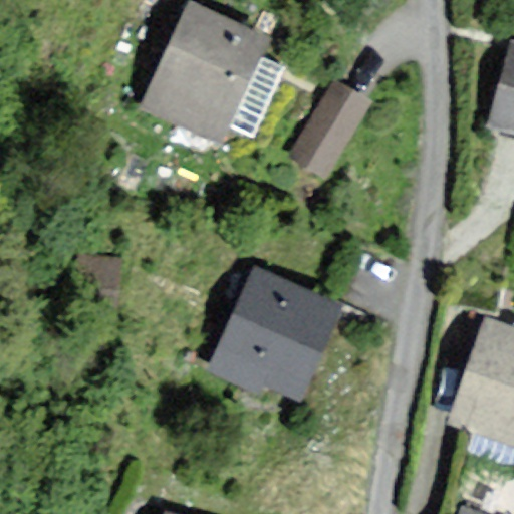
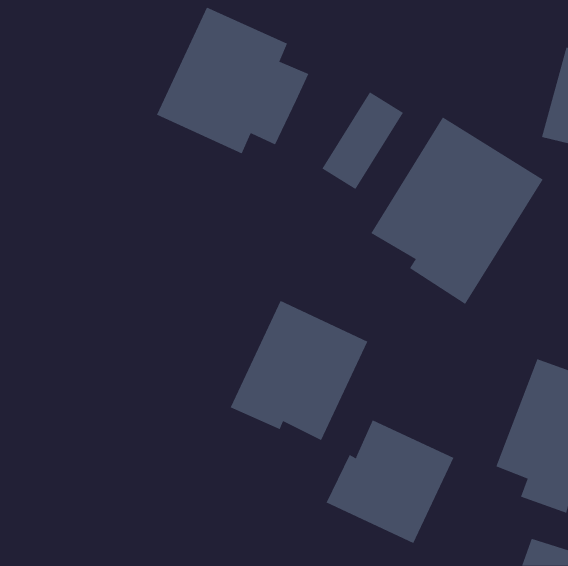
building: none -> [370,117,543,305]
building: none -> [326,419,454,544]

